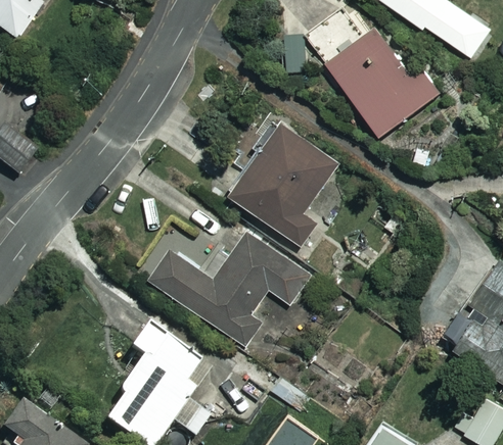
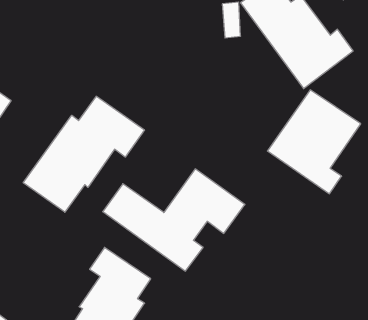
building: [229,122,338,244] -> [267,90,361,194]
building: none -> [23,96,144,212]

